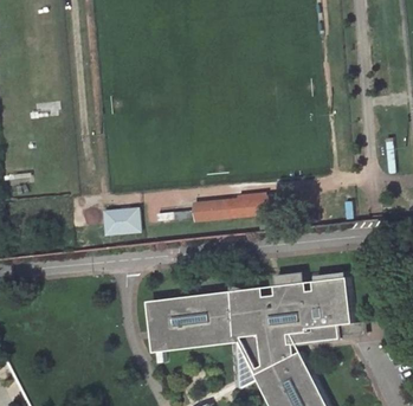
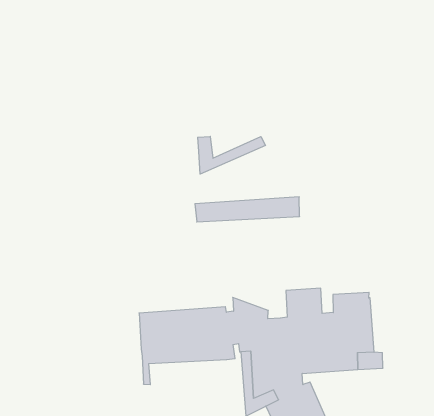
building: none -> [198,136,265,174]
building: [99,206,138,234] -> none

